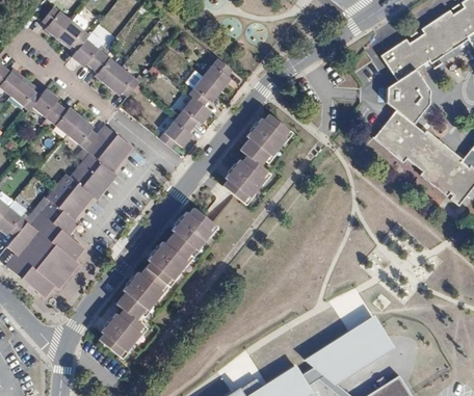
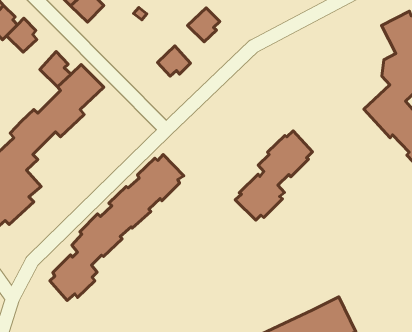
building: [106,69,138,99] -> none
building: [187,78,218,107] -> none
building: [49,107,80,136] -> none
building: [225,111,292,200] -> [235,131,313,220]
building: [157,116,190,150] -> none

